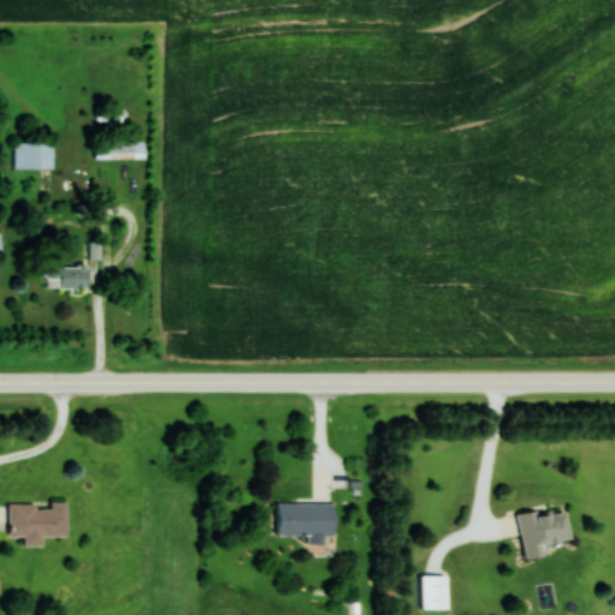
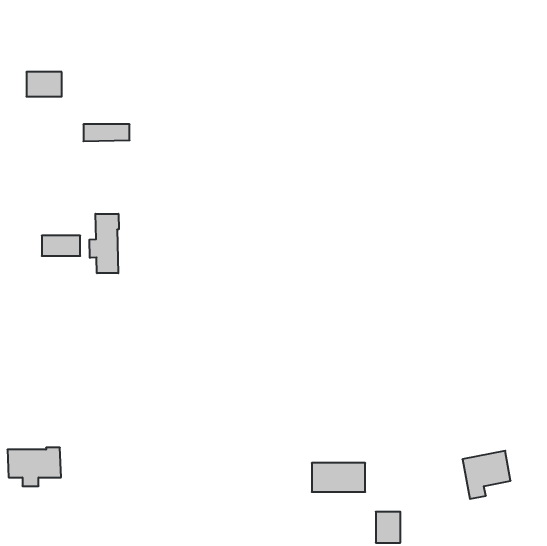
building: [13,142,53,169] -> [26,72,62,97]
building: none -> [89,214,119,273]
building: [276,502,336,535] -> [312,463,365,492]

